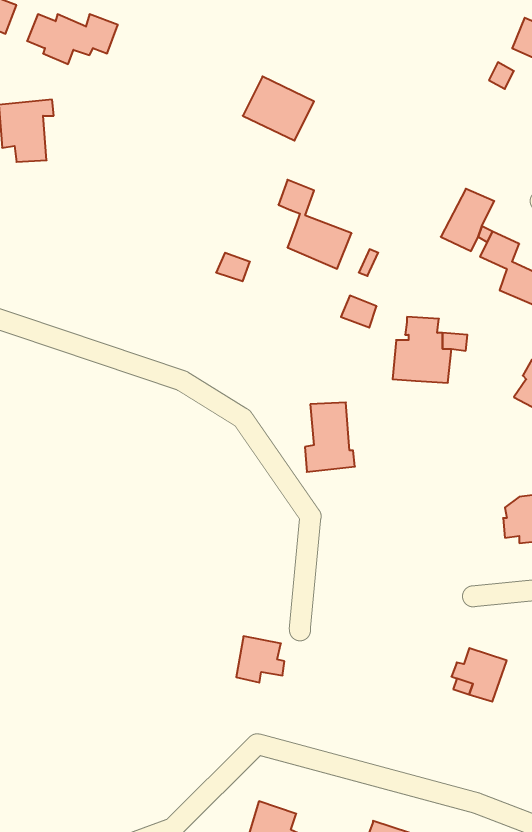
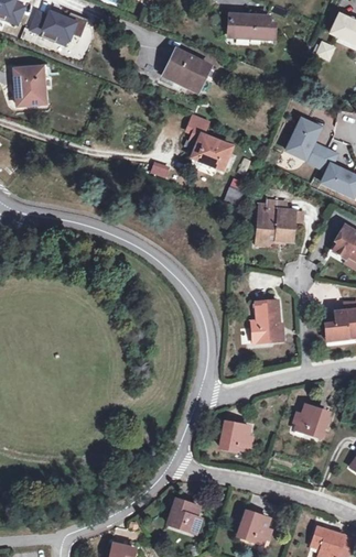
building: none -> [228,15,274,40]
building: [305,402,355,472] -> [251,299,282,342]
building: [236,636,284,683] -> [220,422,250,450]

